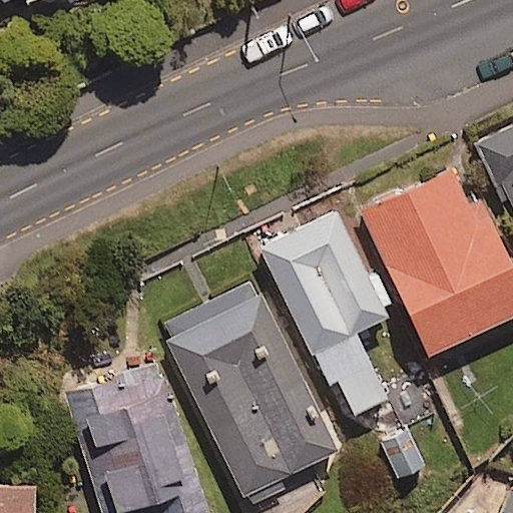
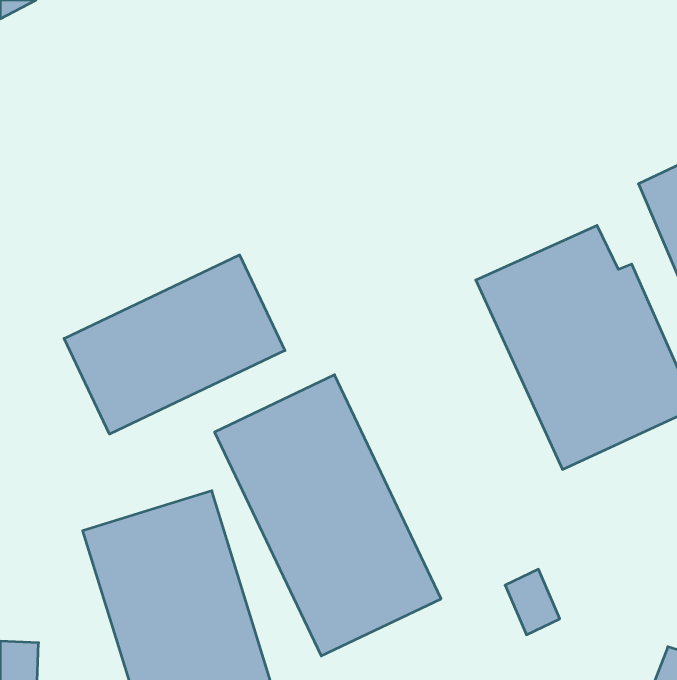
building: none -> [64,255,285,434]
building: [260,212,387,414] -> none

